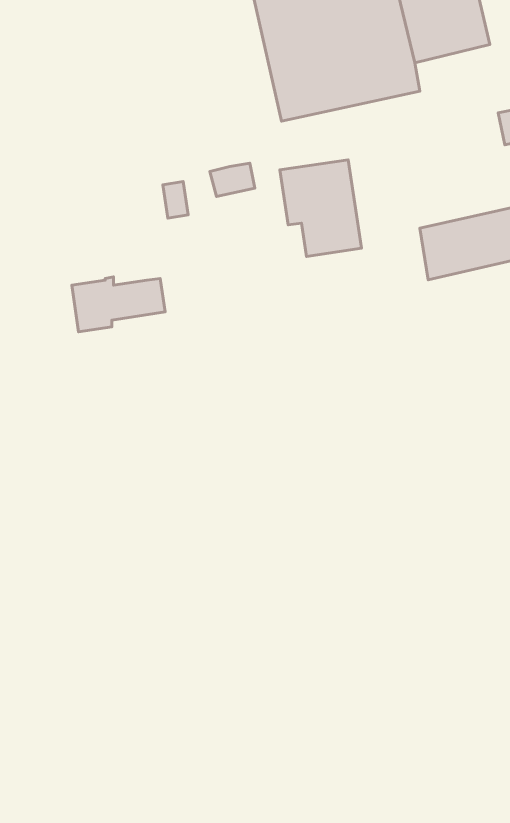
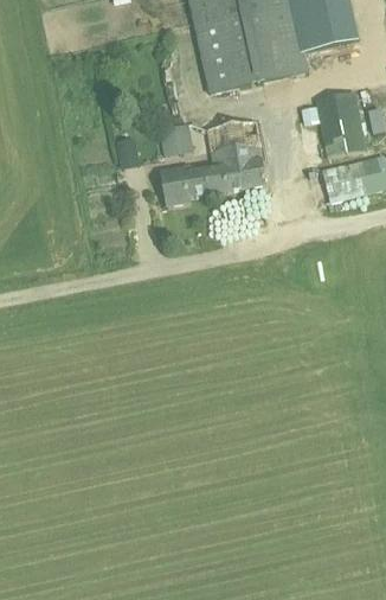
building: none -> [315,90,366,158]
building: [72,277,165,332] -> [161,164,227,203]

